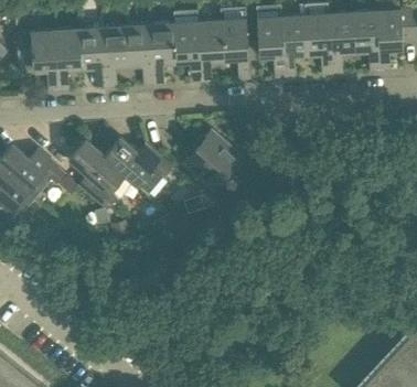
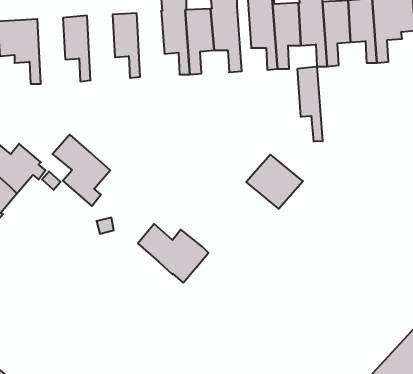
building: [150,22,177,85] -> none
building: [103,25,129,88] -> none
building: [55,29,82,92] -> none
building: none -> [298,66,323,142]
building: [185,133,239,185] -> [246,155,303,209]
building: [105,138,172,194] -> [138,224,208,283]

